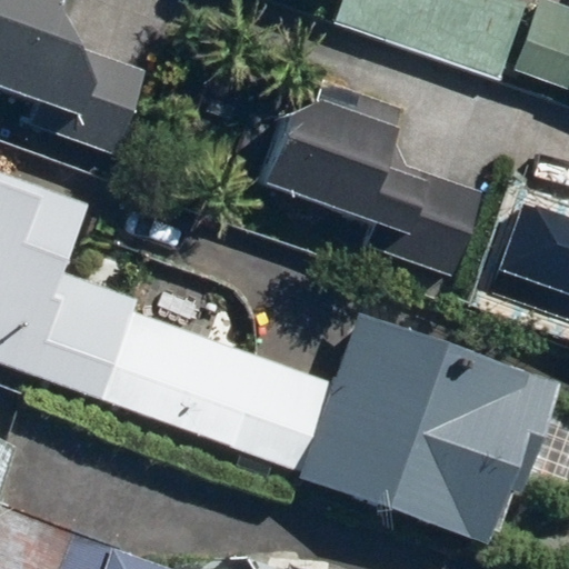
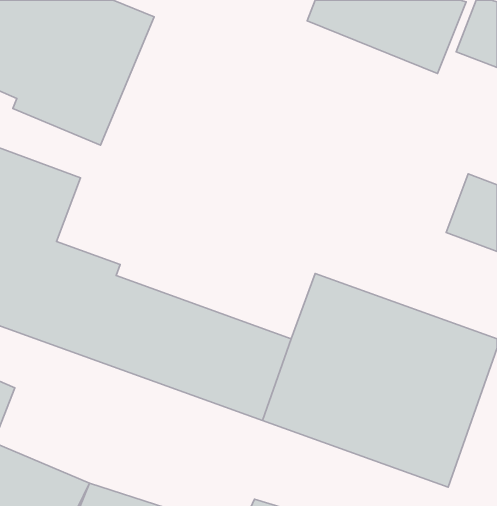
building: [254,68,487,260] -> none

